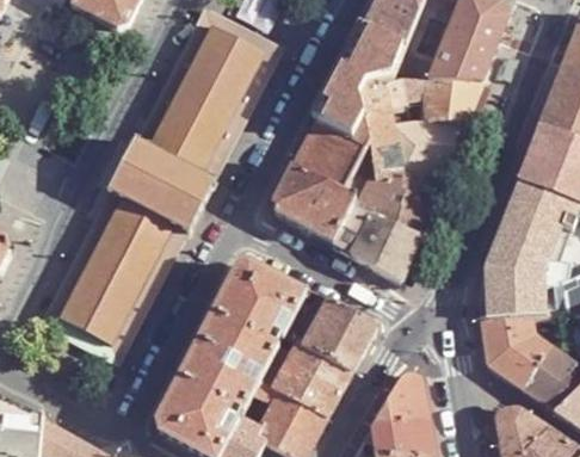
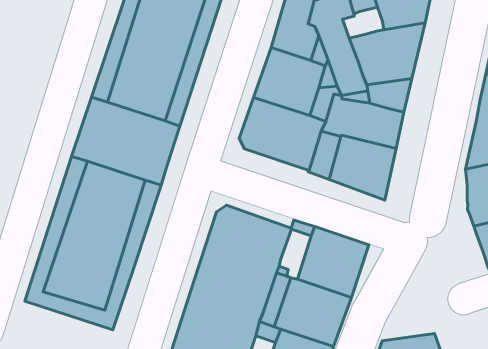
building: [376,371,427,418] -> none

